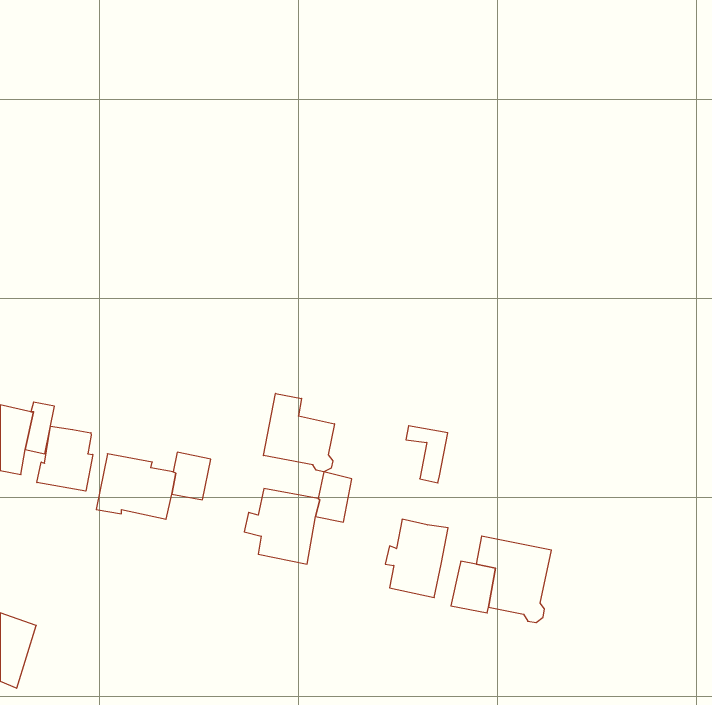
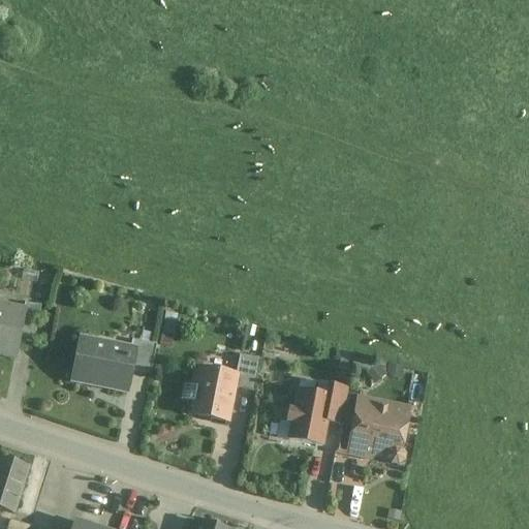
building: [263,393,334,472] -> none
building: [406,426,448,483] -> [317,378,348,421]
building: [37,426,93,491] -> none

